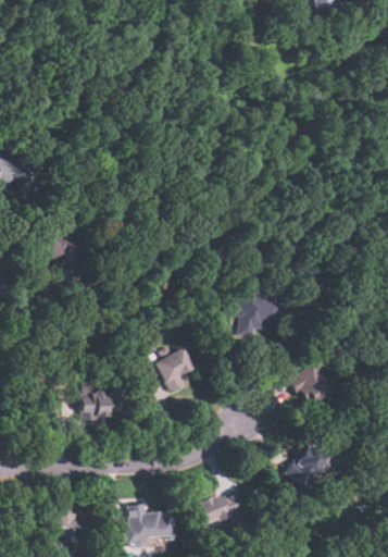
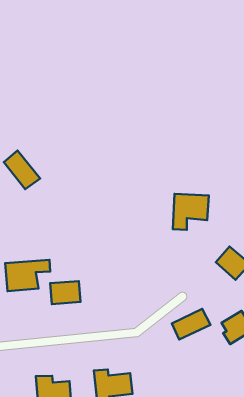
building: [155,347,193,392] -> none
building: none -> [5,260,50,291]
building: [195,490,242,525] -> [172,309,210,339]

